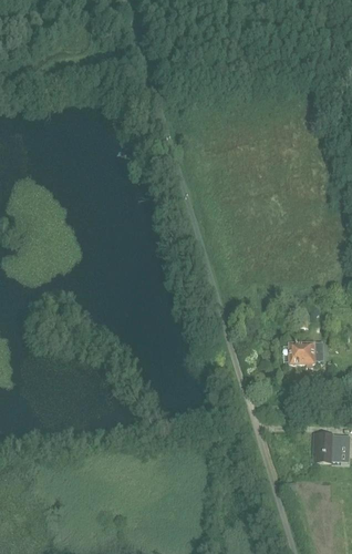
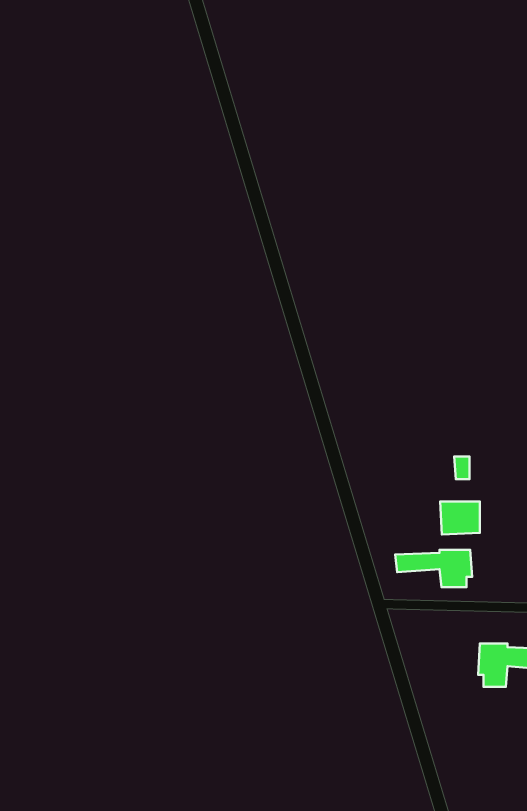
building: none -> [395,550,472,587]

